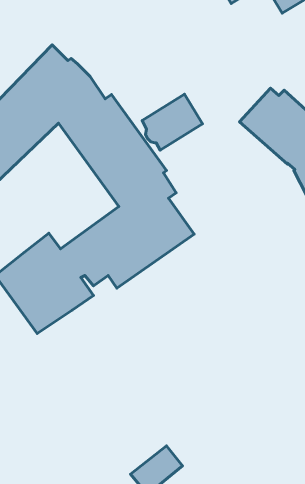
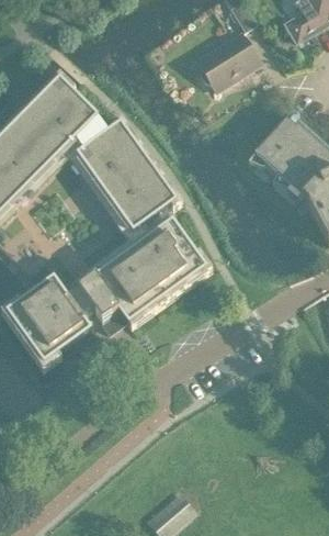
building: [142,94,203,150] -> [197,30,260,88]

